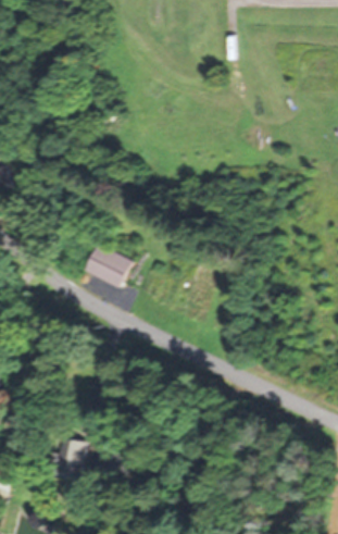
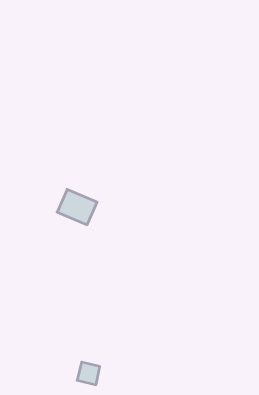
building: [57,438,86,477] -> none

